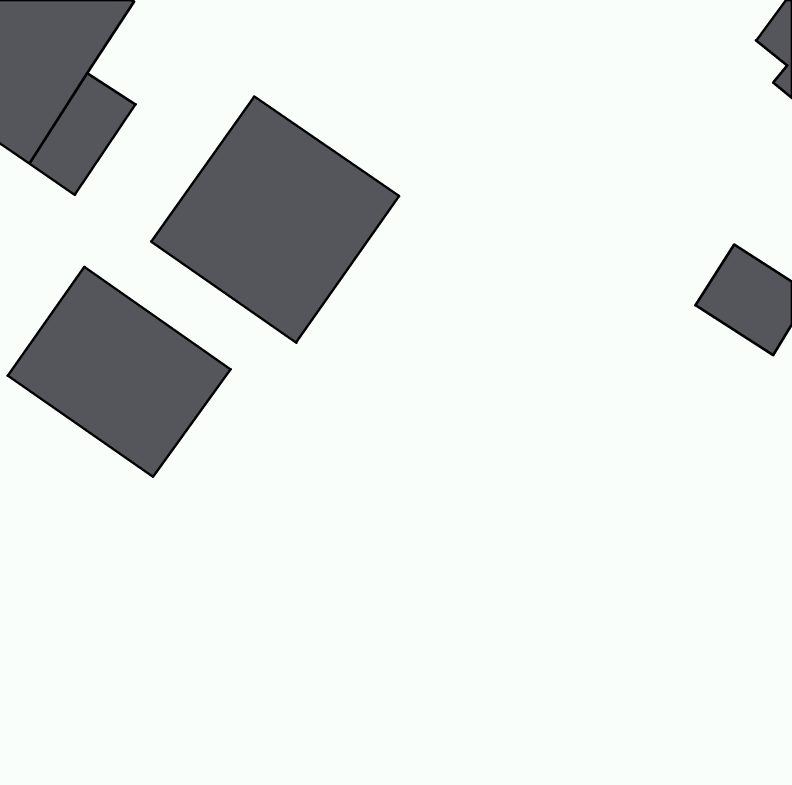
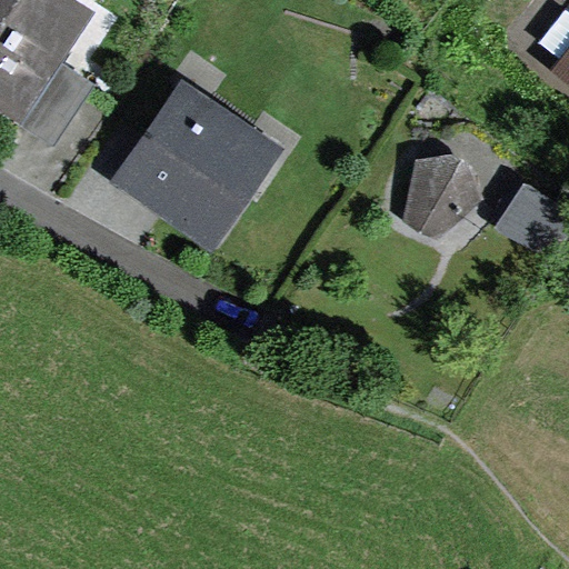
building: none -> [402,153,483,240]
building: [8,267,231,477] -> none

